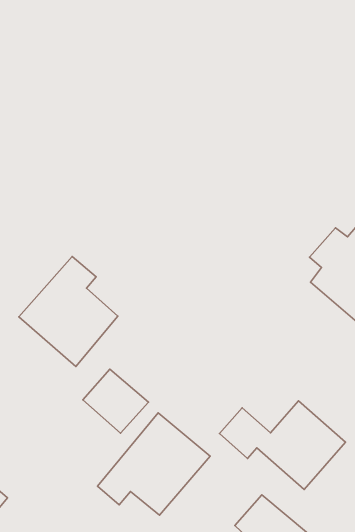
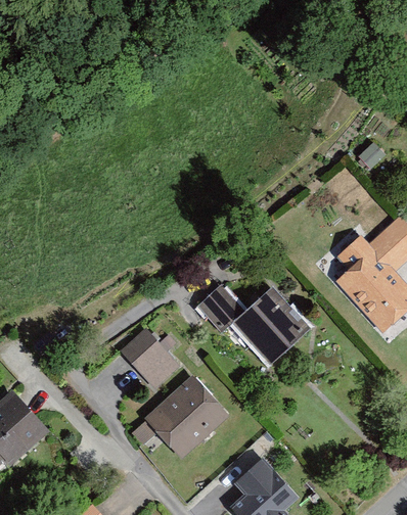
building: [19,256,118,367] -> none
building: [219,401,346,489] -> [199,286,307,363]

